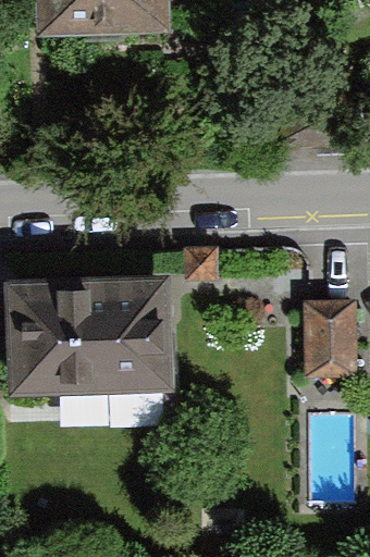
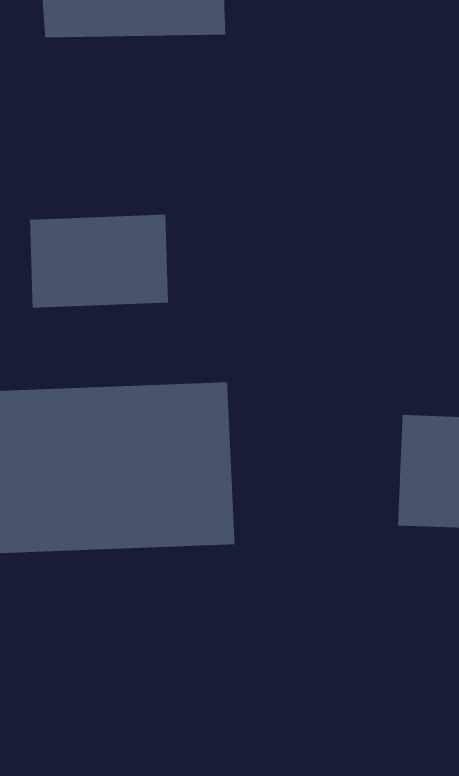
building: none -> [29,214,169,308]

